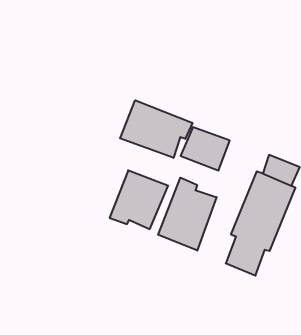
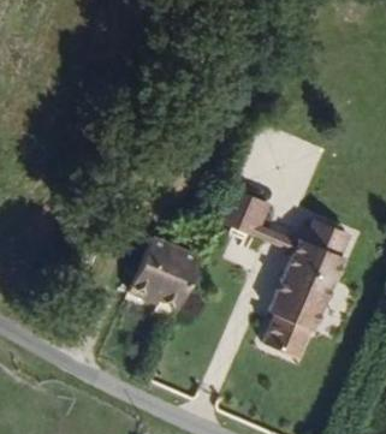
building: [120,100,192,158] -> none
building: [158,178,217,251] -> none

